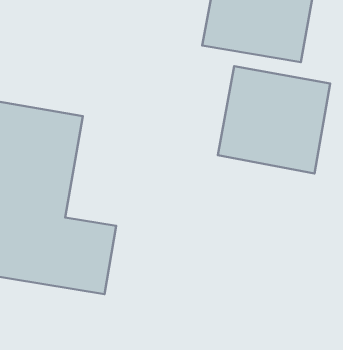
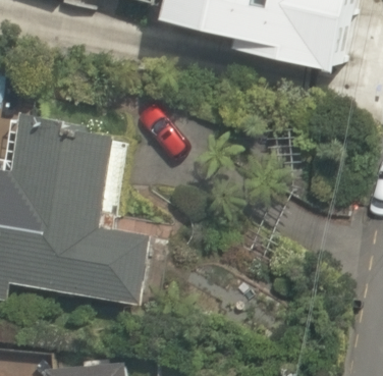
building: [218,66,330,174] -> none

